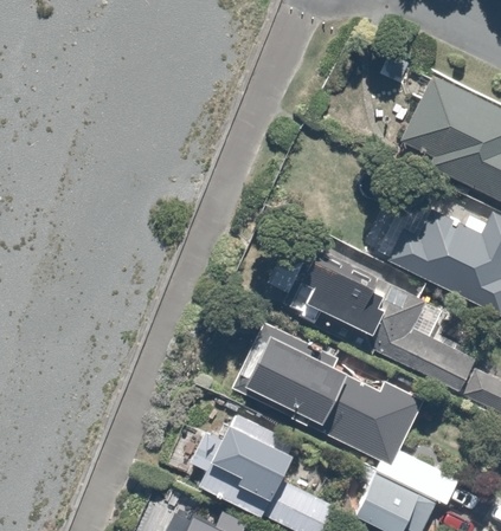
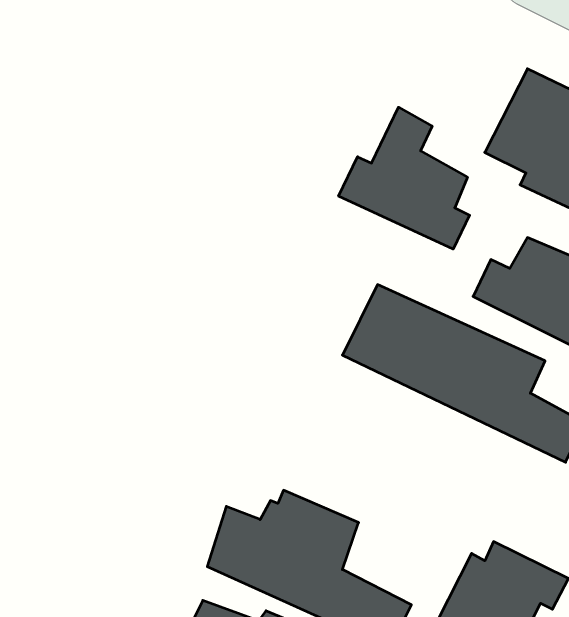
building: none -> [339,107,470,249]
building: [237,325,430,471] -> none

